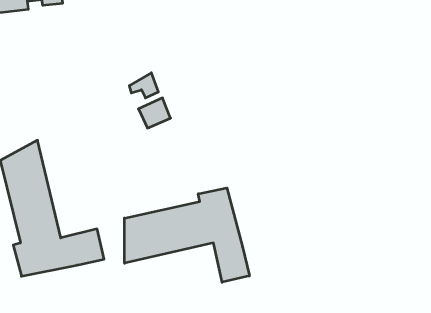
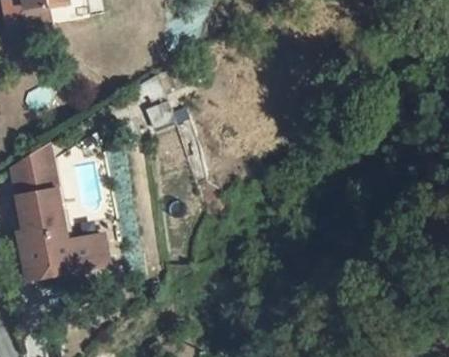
building: [124,188,249,282] -> none

